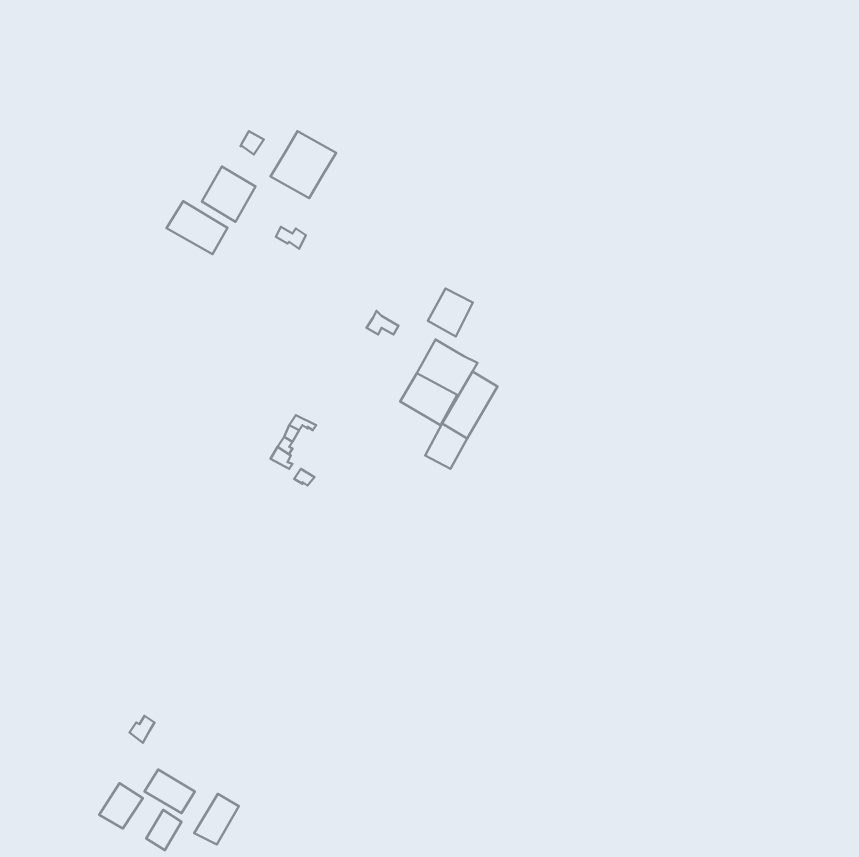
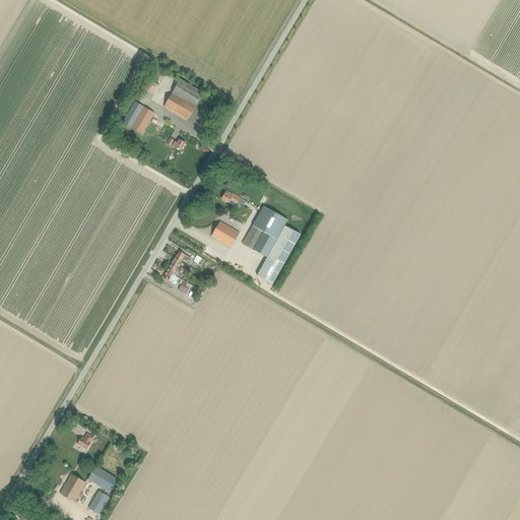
building: [167,201,227,254] -> none
building: [428,289,473,336] -> none
building: none -> [211,220,239,247]
building: [194,794,239,844] -> none

